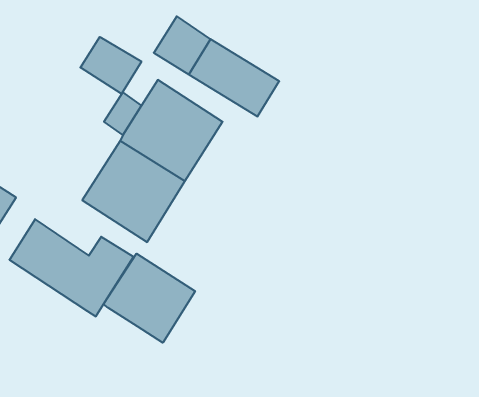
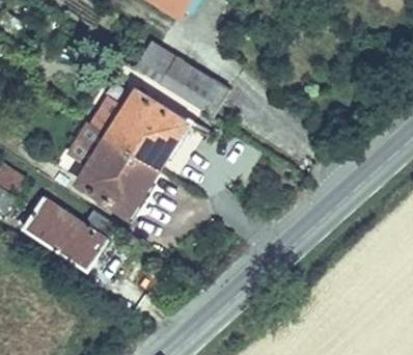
building: [80,37,141,94] -> none
building: [103,254,195,343] -> none

